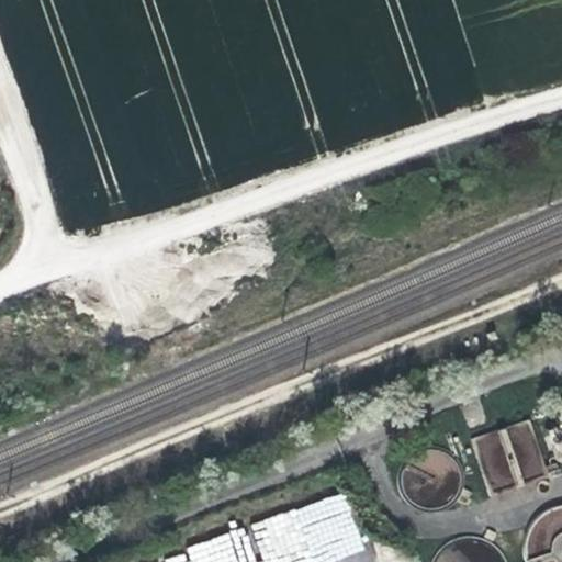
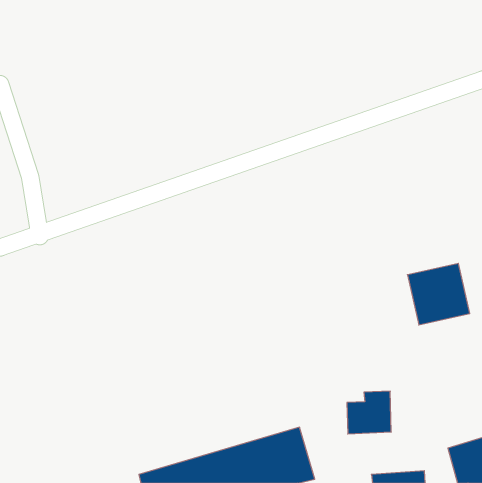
building: [474,420,547,492] -> [407,263,470,325]

